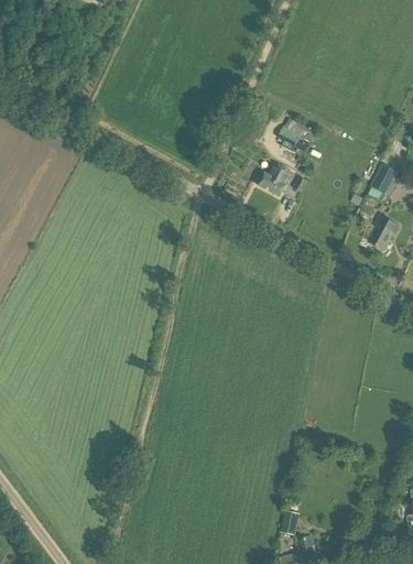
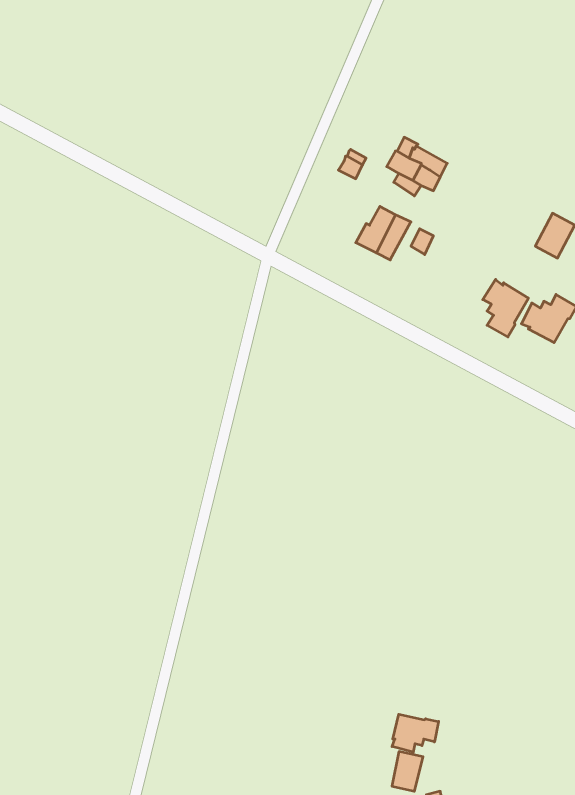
building: none -> [483,279,528,337]
building: none -> [392,714,439,752]

